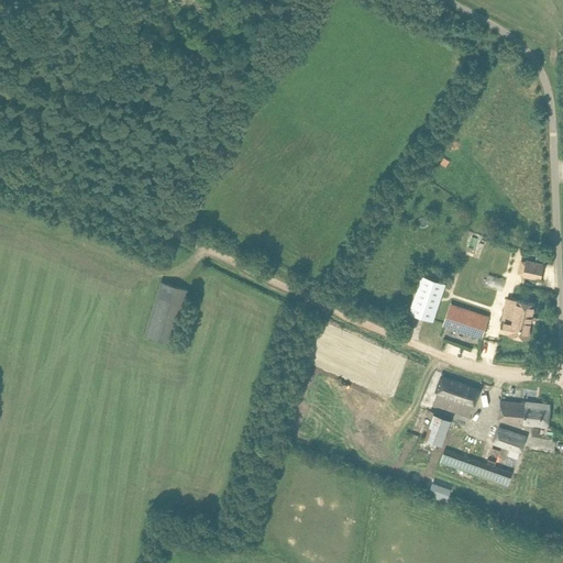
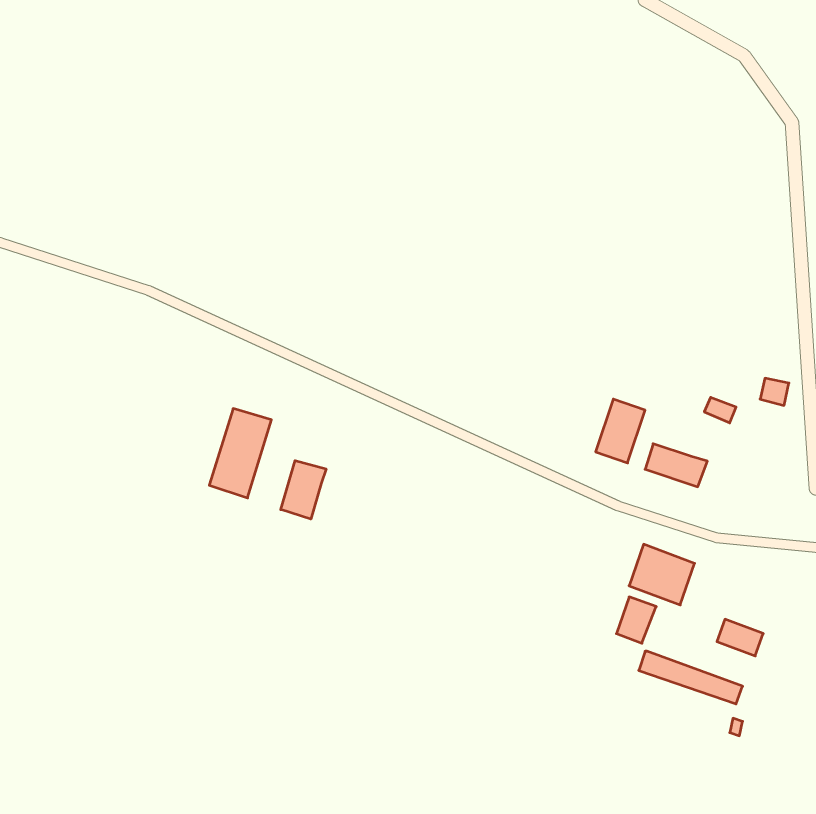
building: [499,301,534,339] -> none
building: none -> [281,461,326,519]
building: [498,401,550,427] -> none

